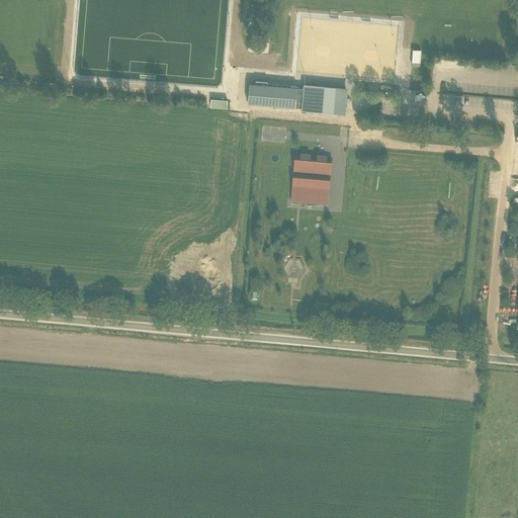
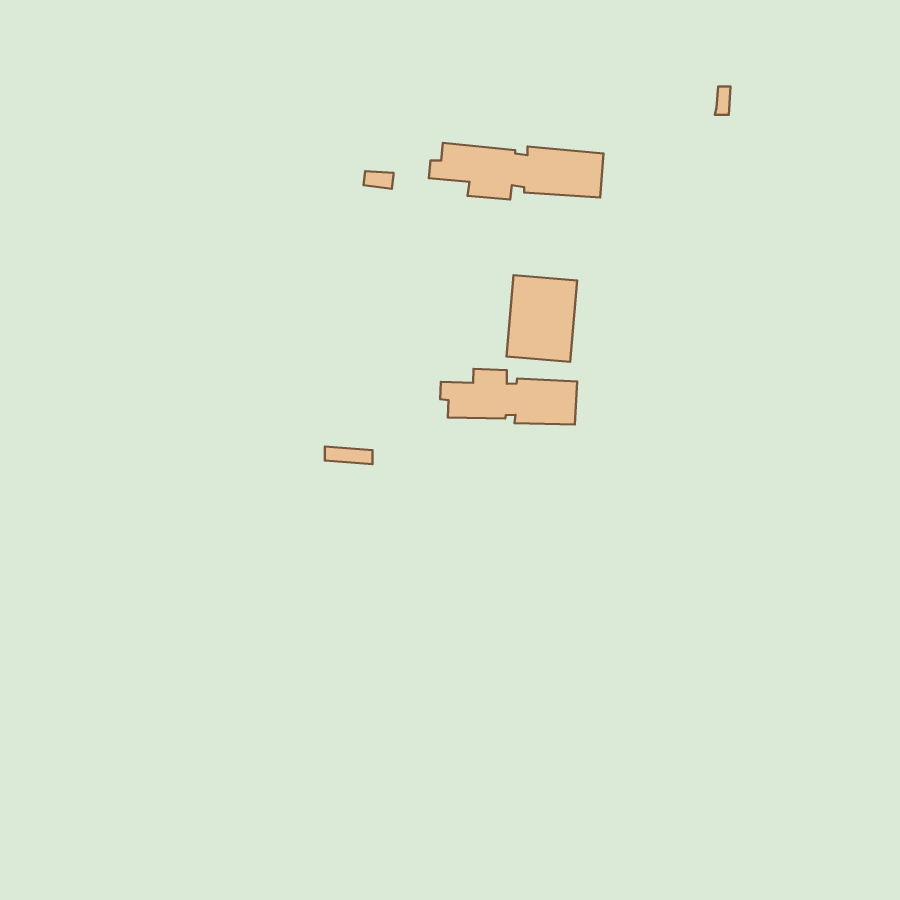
building: none -> [440,369,577,425]

